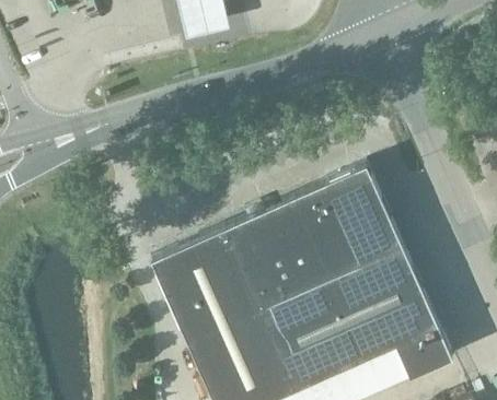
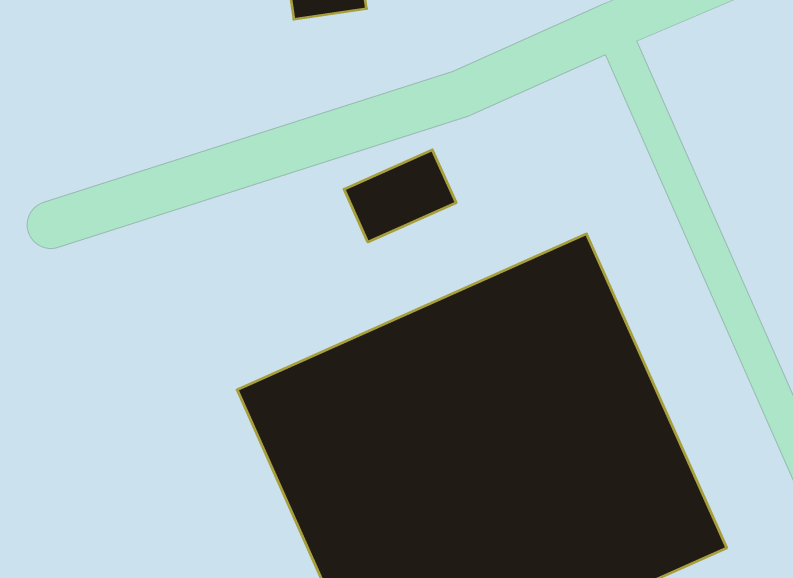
building: none -> [344,150,456,242]

